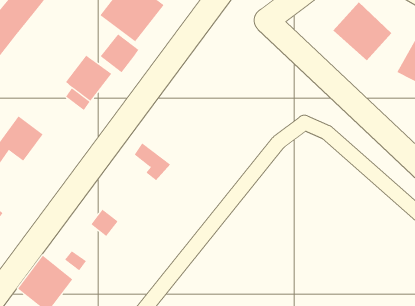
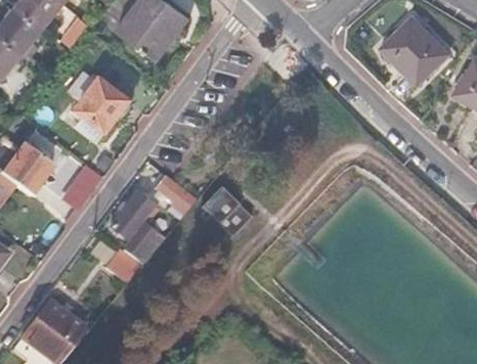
building: [100,33,139,73] -> none
building: none -> [203,186,252,242]
building: none -> [112,191,164,264]

